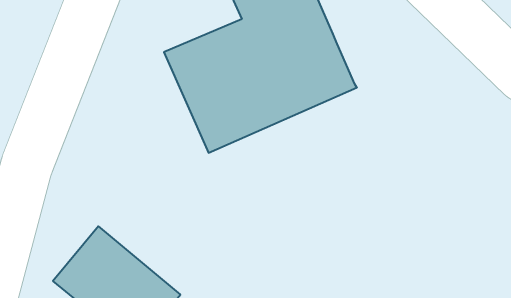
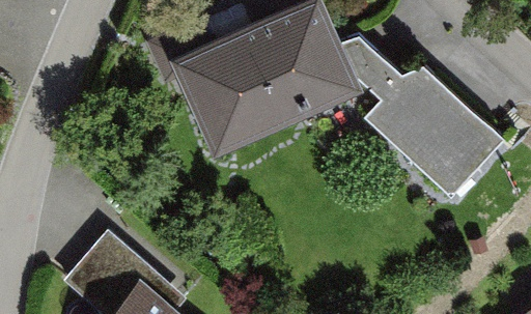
building: none -> [345,38,502,196]

